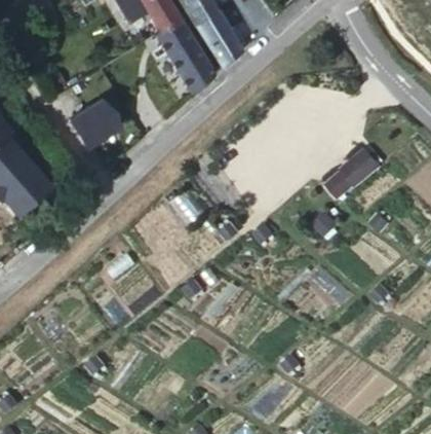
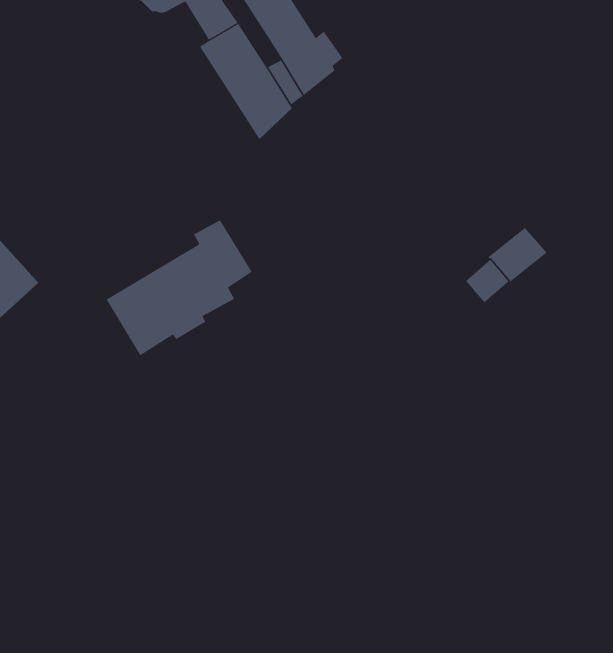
building: [68,100,119,149] -> none
building: none -> [106,219,252,356]

